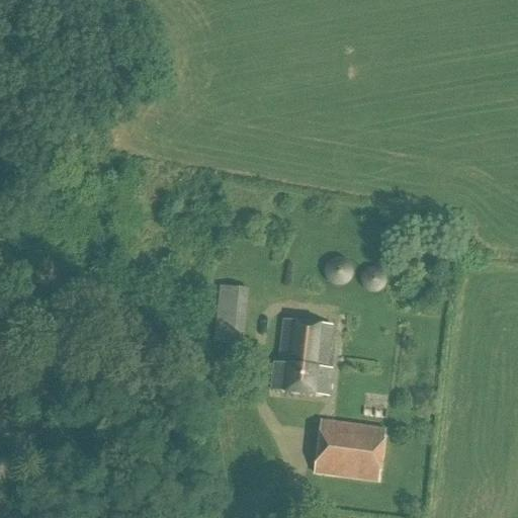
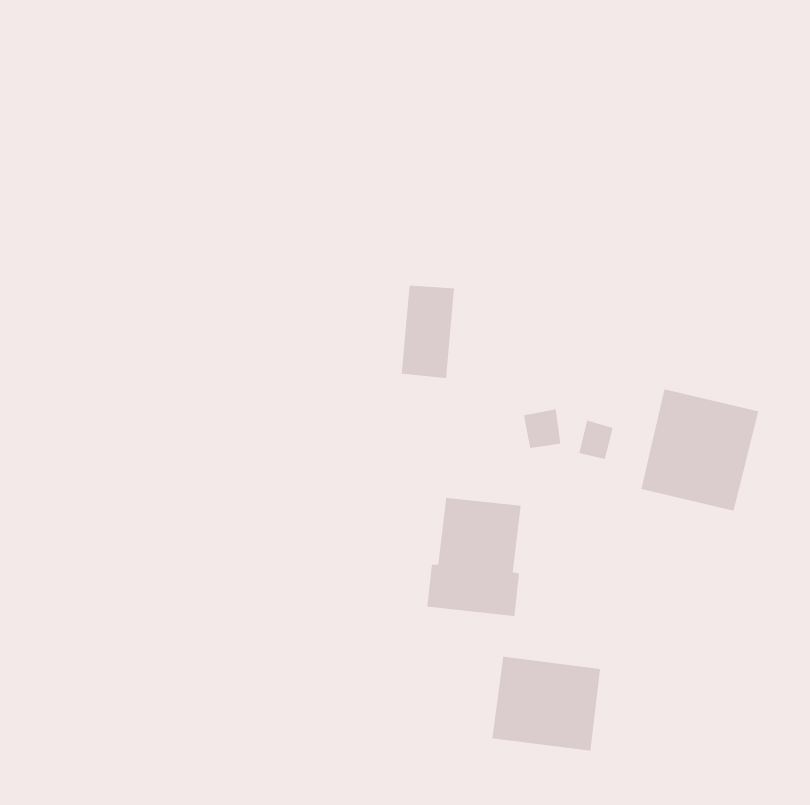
building: none -> [641,388,759,511]
building: [213,284,248,344] -> [401,285,455,379]

